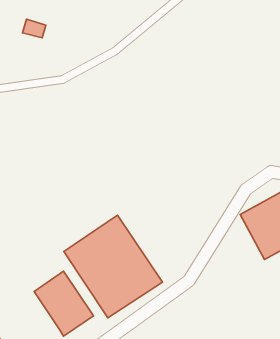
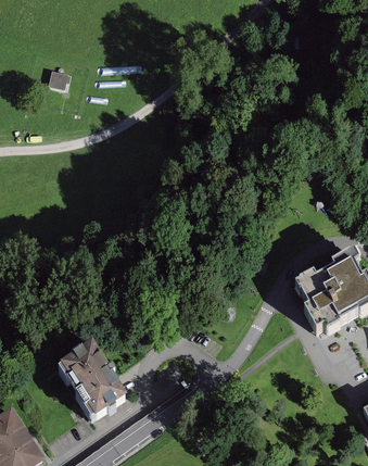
building: [64,215,162,318] -> none

